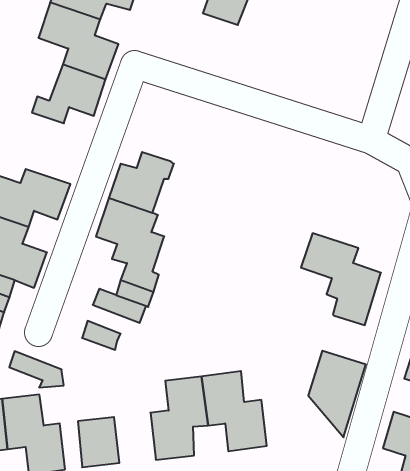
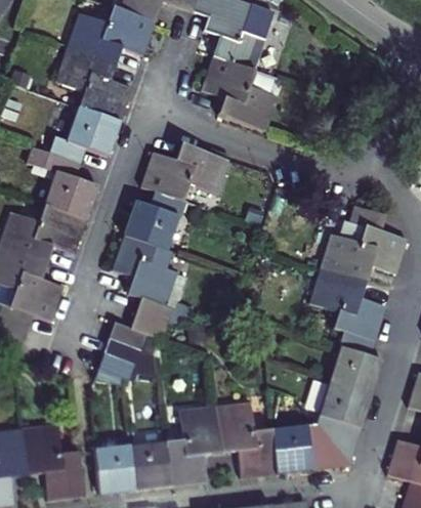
building: none -> [202,57,278,130]
building: none -> [140,143,229,200]
building: none -> [29,146,99,221]
building: none -> [320,205,407,283]
building: none -> [329,347,381,394]
building: [9,351,64,387] -> [103,337,156,372]
building: none -> [270,423,349,472]
building: none -> [129,440,169,489]

